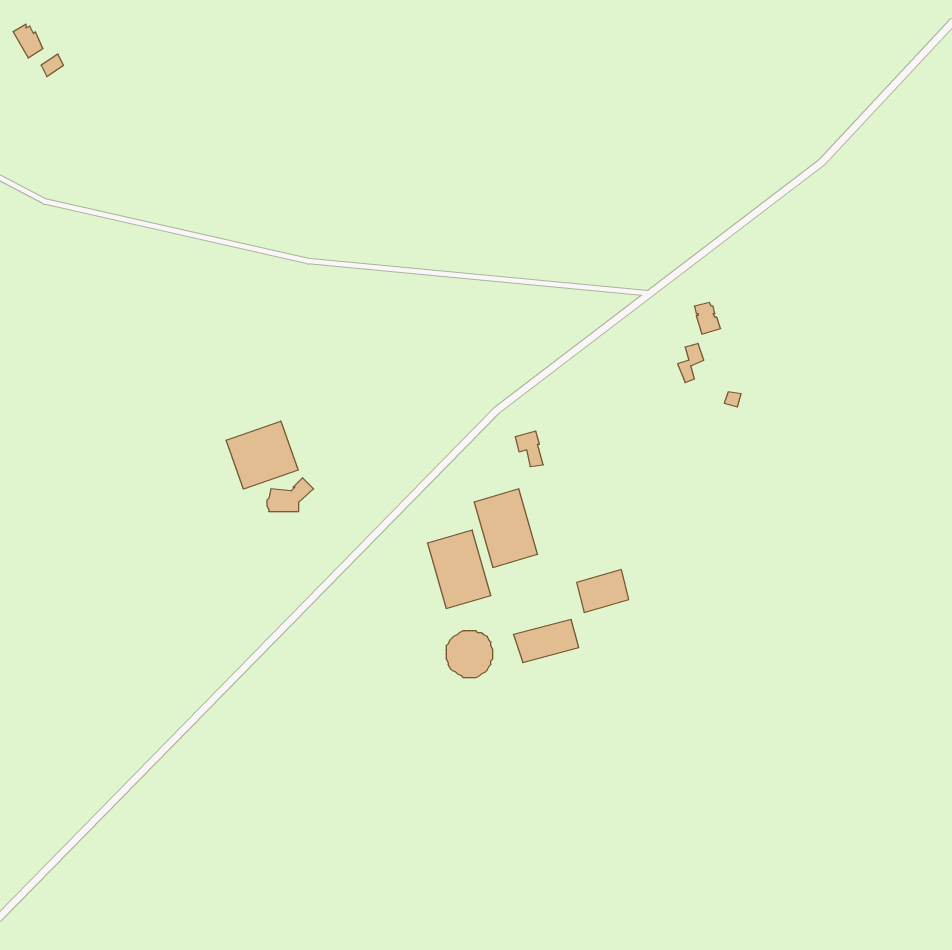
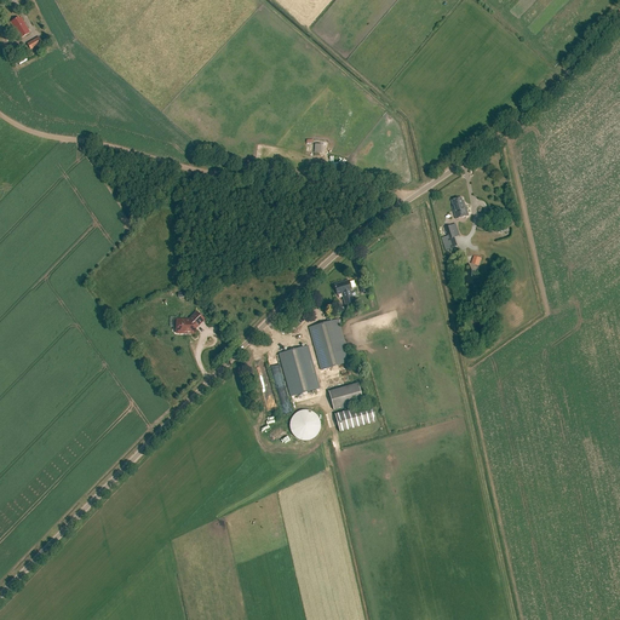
building: [226,421,298,489] -> none
building: [577,570,629,612] -> [328,381,362,409]

